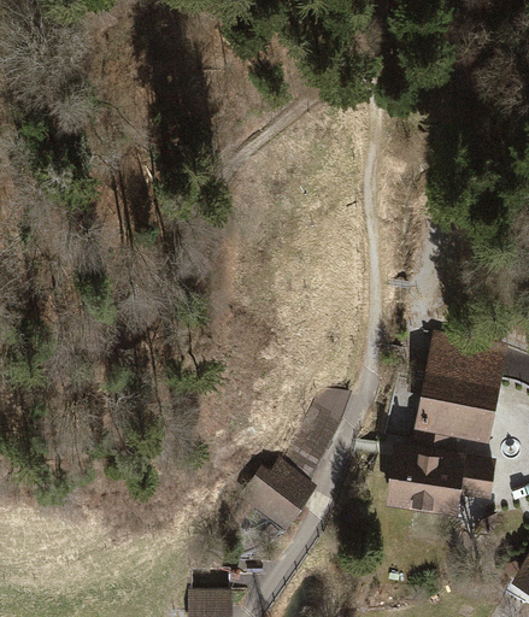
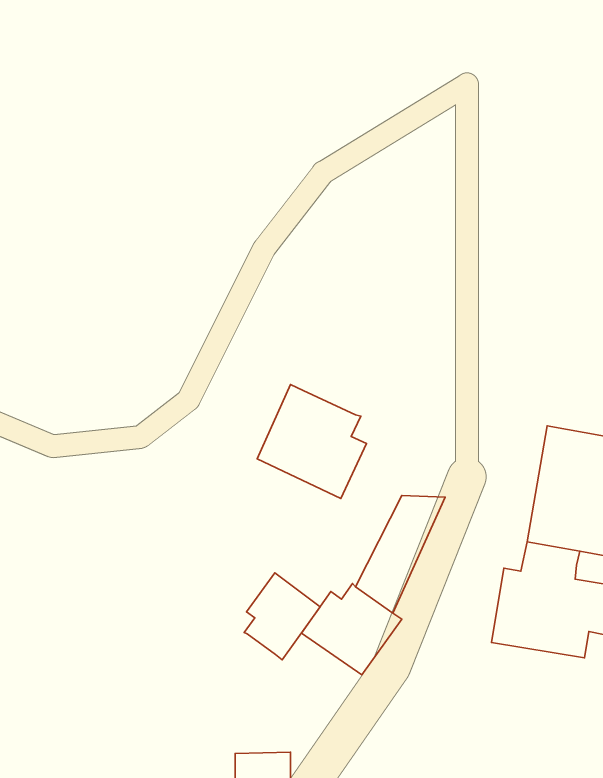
building: none -> [257,384,366,499]
building: none -> [244,573,320,660]

